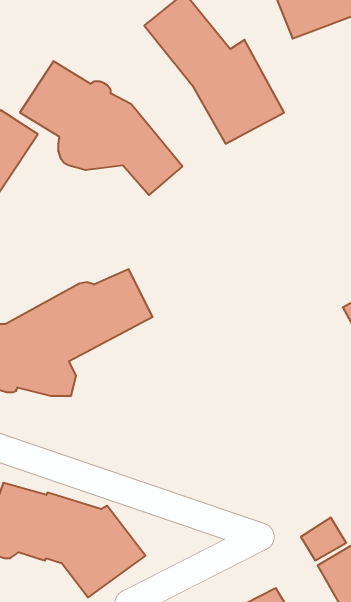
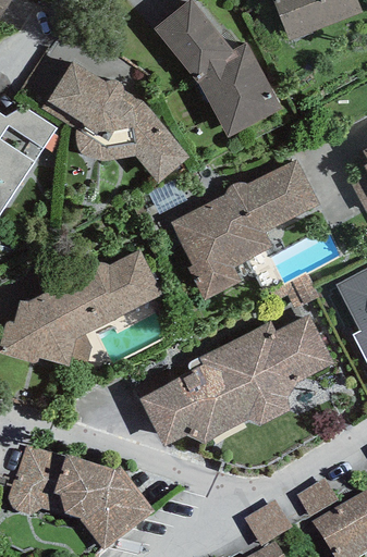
building: none -> [171,160,320,300]
building: none -> [138,314,333,447]
building: none -> [244,499,292,545]

